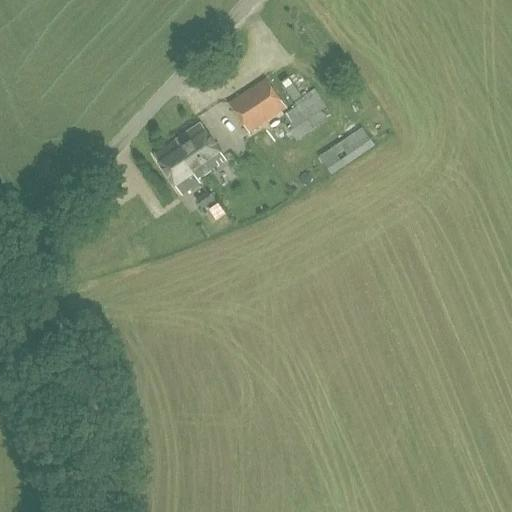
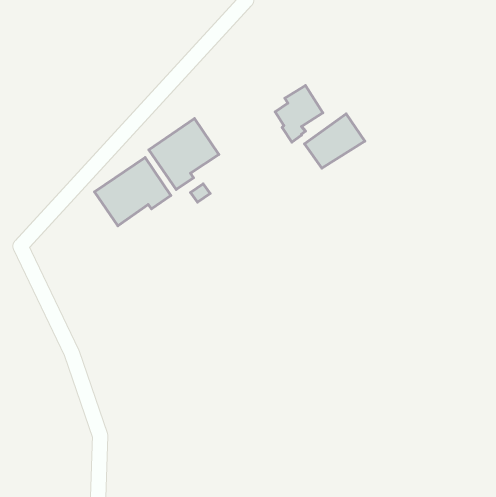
building: [228,79,284,132] -> none
building: none -> [94,157,171,226]

